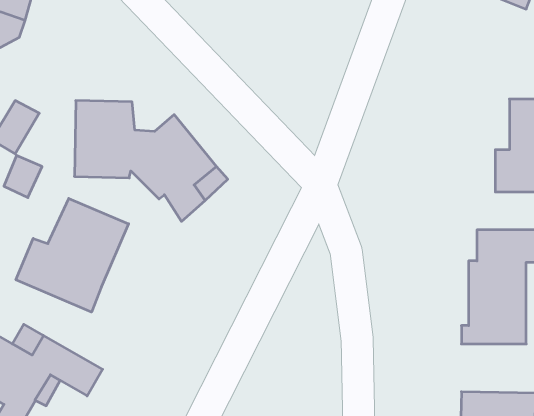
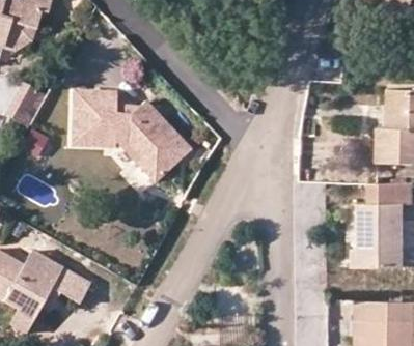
building: [16,198,129,312] -> none

